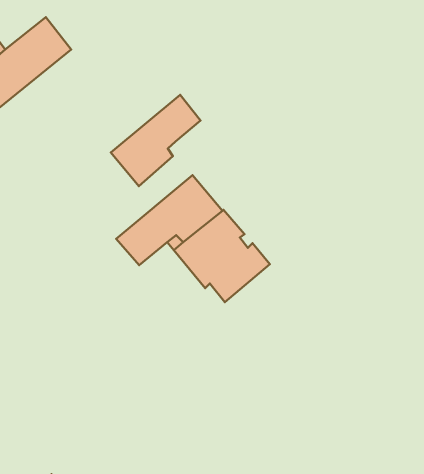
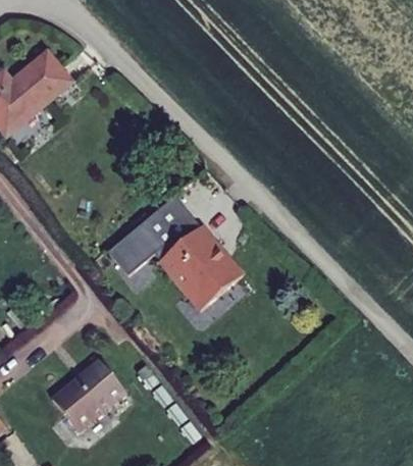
building: [111,95,201,186] -> none
building: none -> [51,358,125,431]

